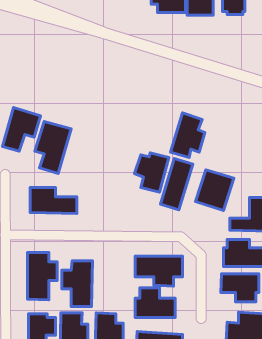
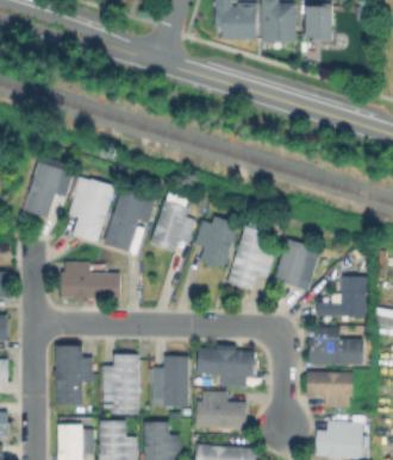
building: [170,113,205,158] -> [150,196,194,253]
building: none -> [104,185,158,251]
building: none -> [150,355,189,407]

